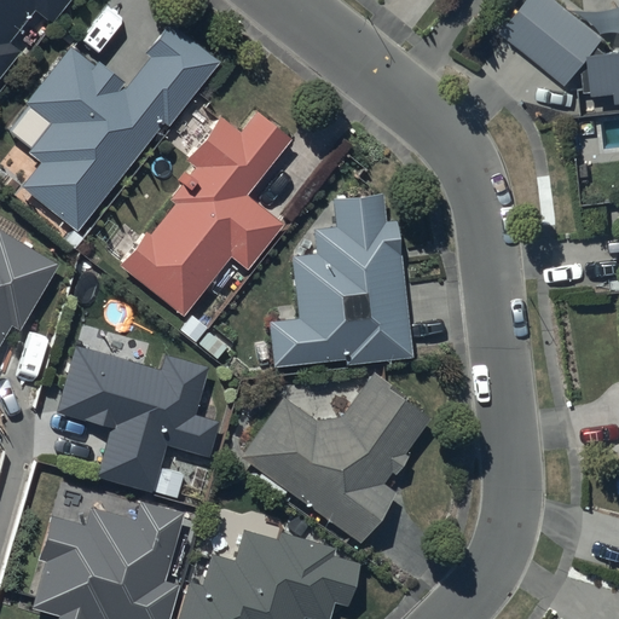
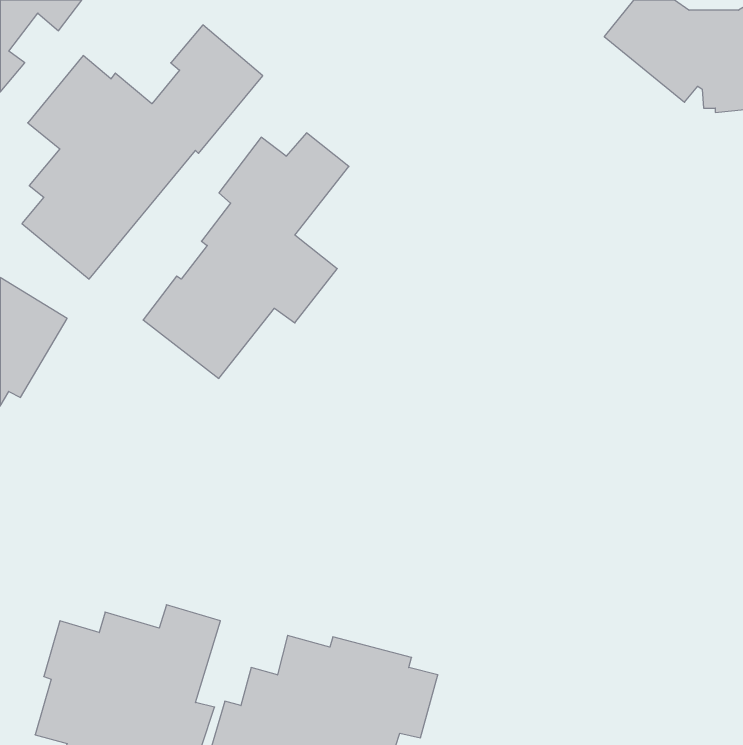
building: [272,193,413,366] -> none
building: [54,347,219,499] -> none
building: [238,372,436,545] -> none

